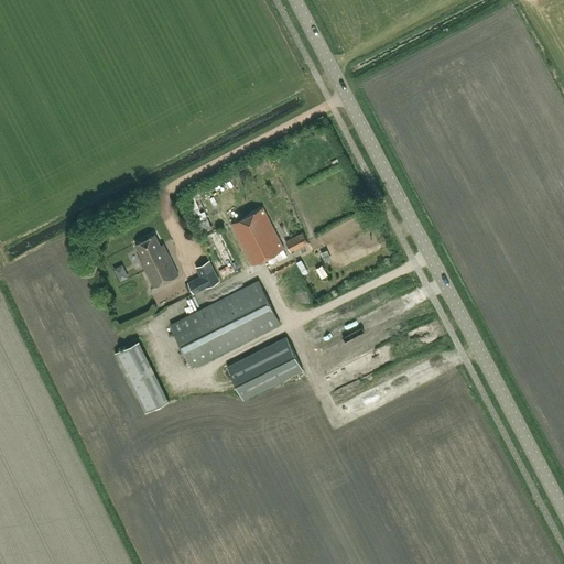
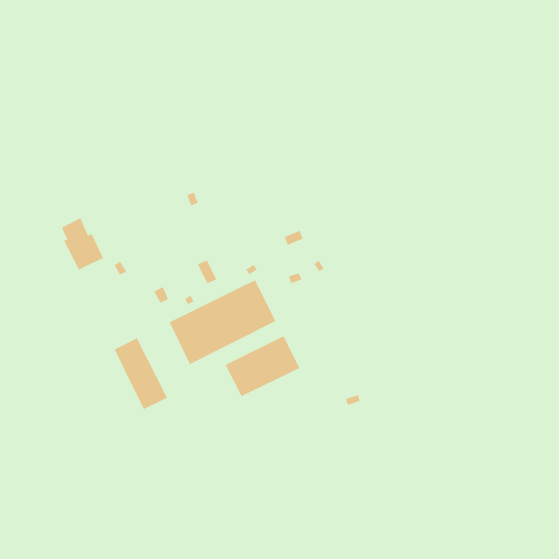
building: [230,208,282,264] -> none
building: [134,235,177,288] -> [61,217,104,270]

